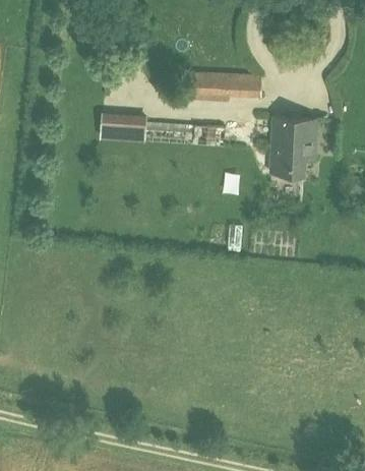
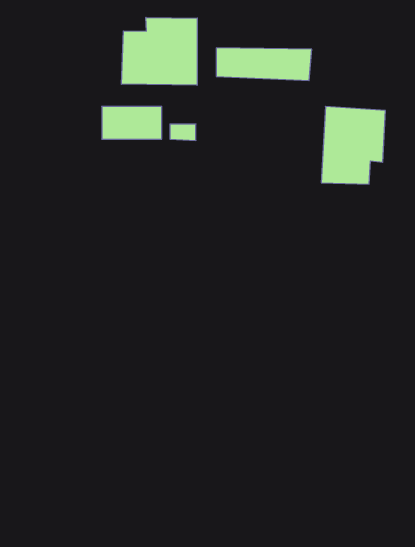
building: none -> [121,17,197,85]

